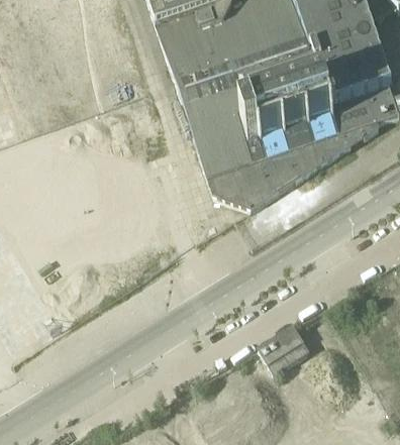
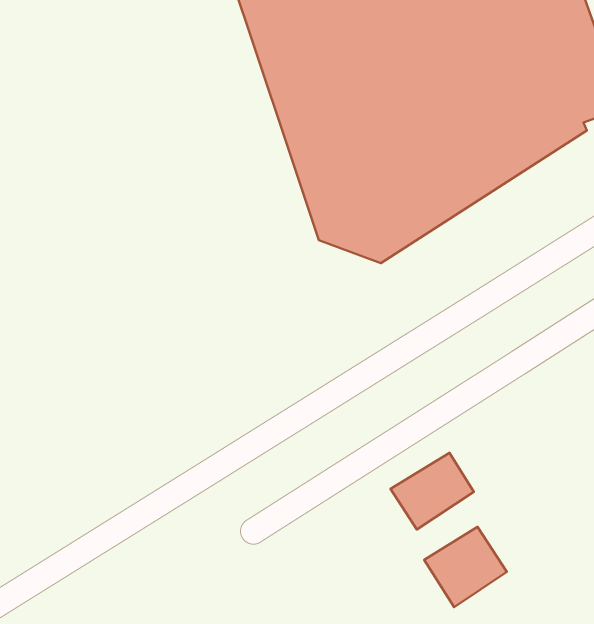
building: none -> [424,527,507,607]

